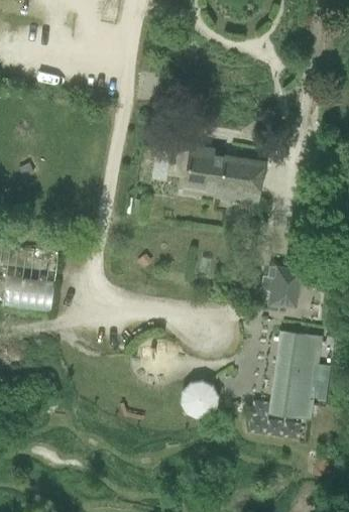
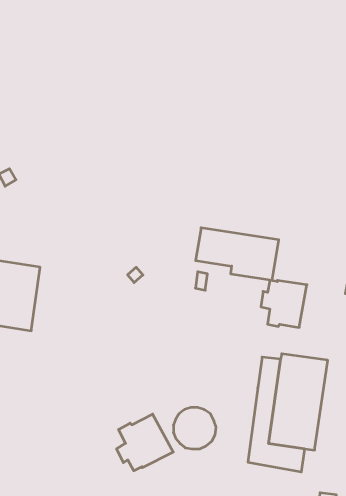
building: [189,151,265,200] -> [196,228,279,280]
building: none -> [117,414,173,471]

